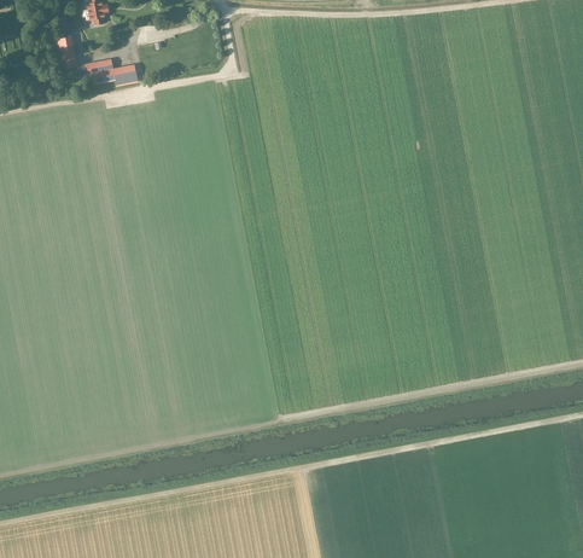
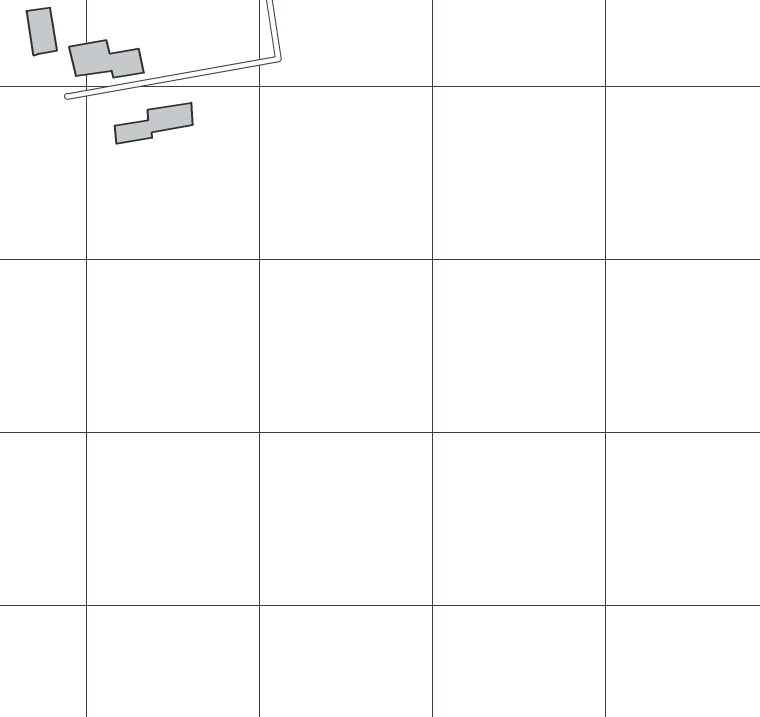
building: none -> [115,103,193,144]

